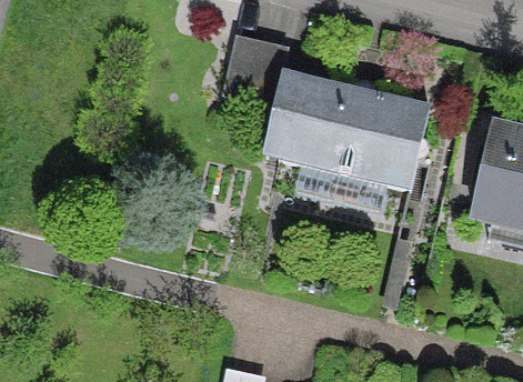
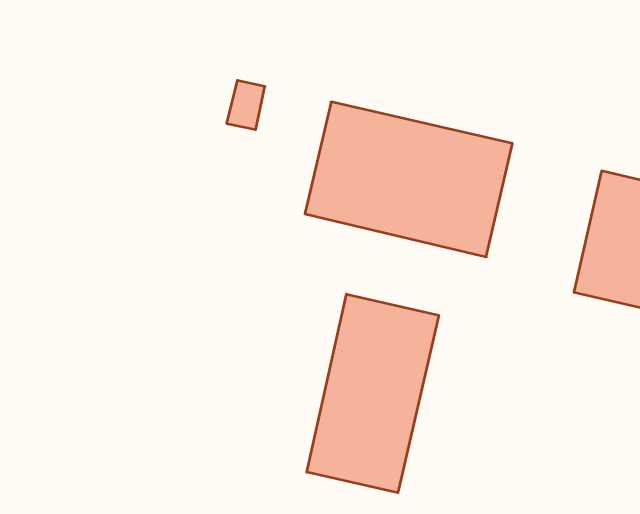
building: none -> [307,294,439,493]

